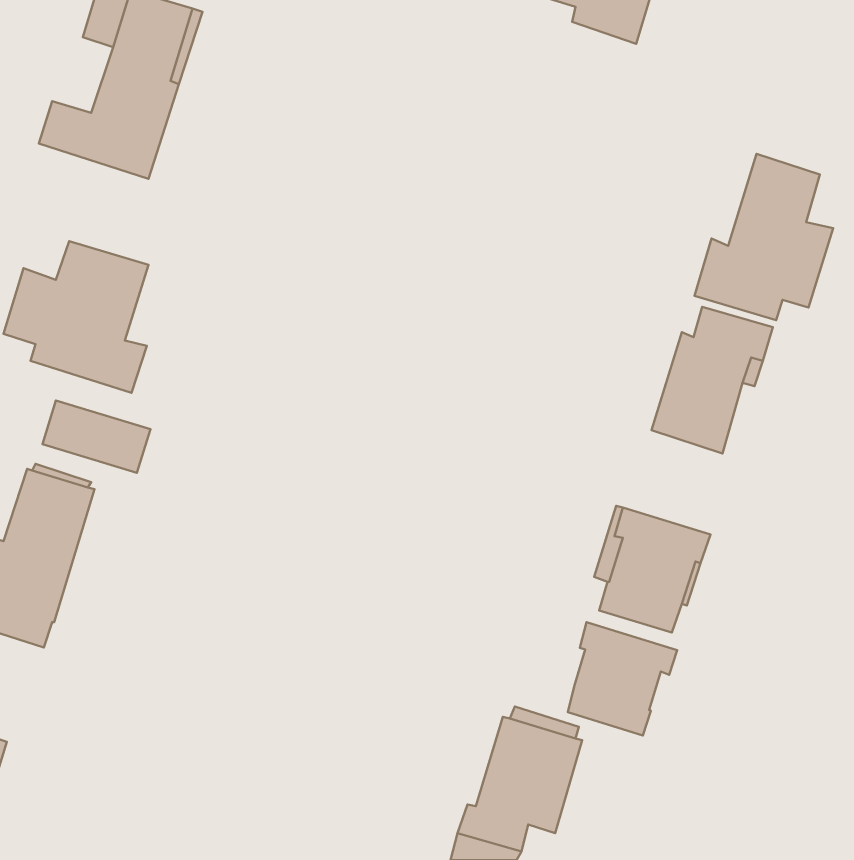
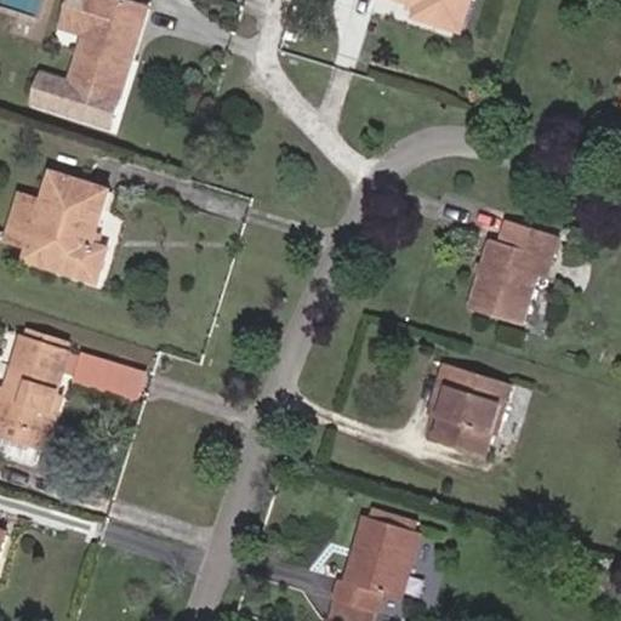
building: [694,154,833,320] -> none
building: [42,400,150,473] -> [72,347,149,399]
building: [568,622,677,735] -> none

